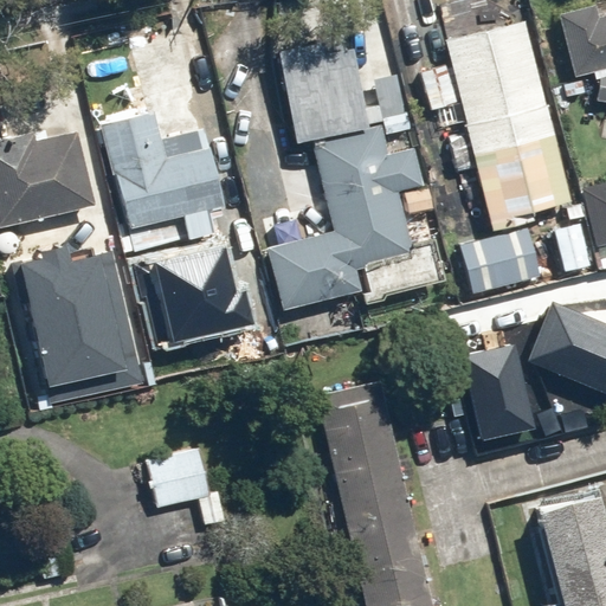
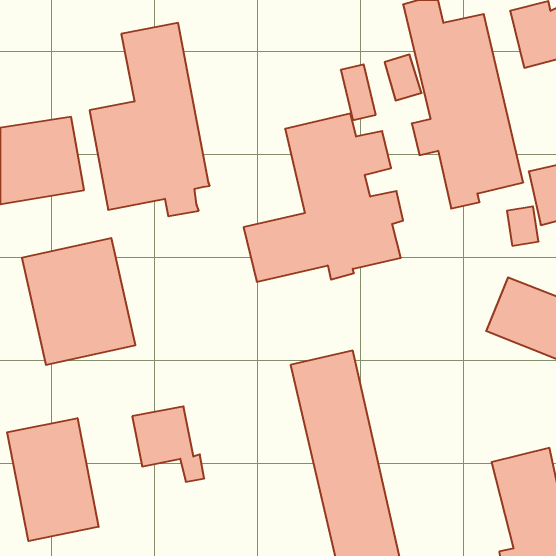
building: [276,34,369,141] -> none
building: [458,234,537,292] -> none
building: [142,252,252,343] -> none
building: [466,349,536,443] -> none
building: none -> [7,418,99,541]

